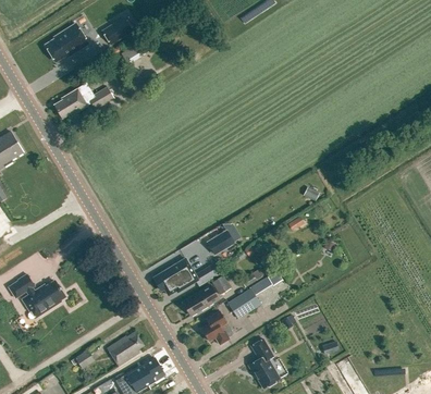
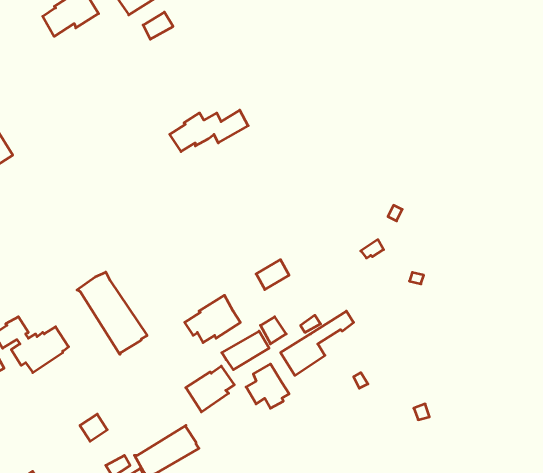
building: [53,86,113,118] -> [170,110,248,152]
building: none -> [77,272,147,354]
building: [107,331,144,366] -> [186,366,234,412]
building: [248,340,280,389] -> none

